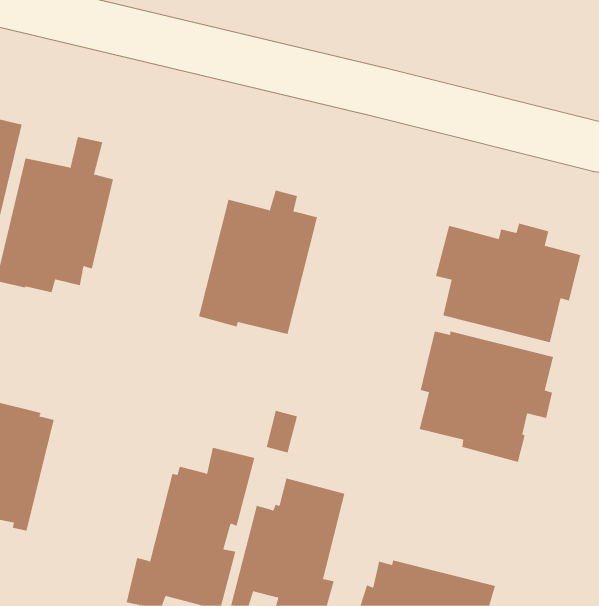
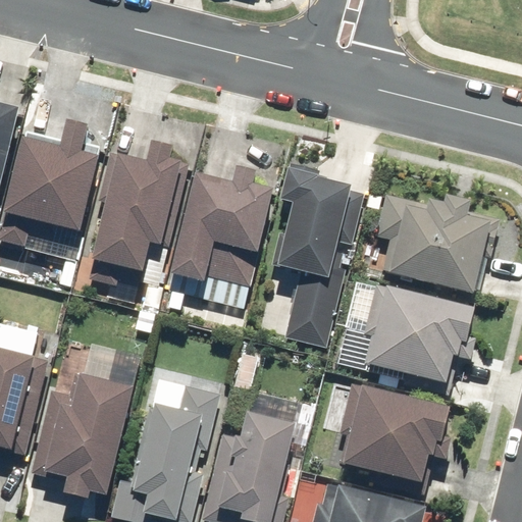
building: none -> [91,137,188,272]
building: none -> [268,164,362,349]
building: none -> [28,371,135,500]
building: none -> [337,382,452,484]

